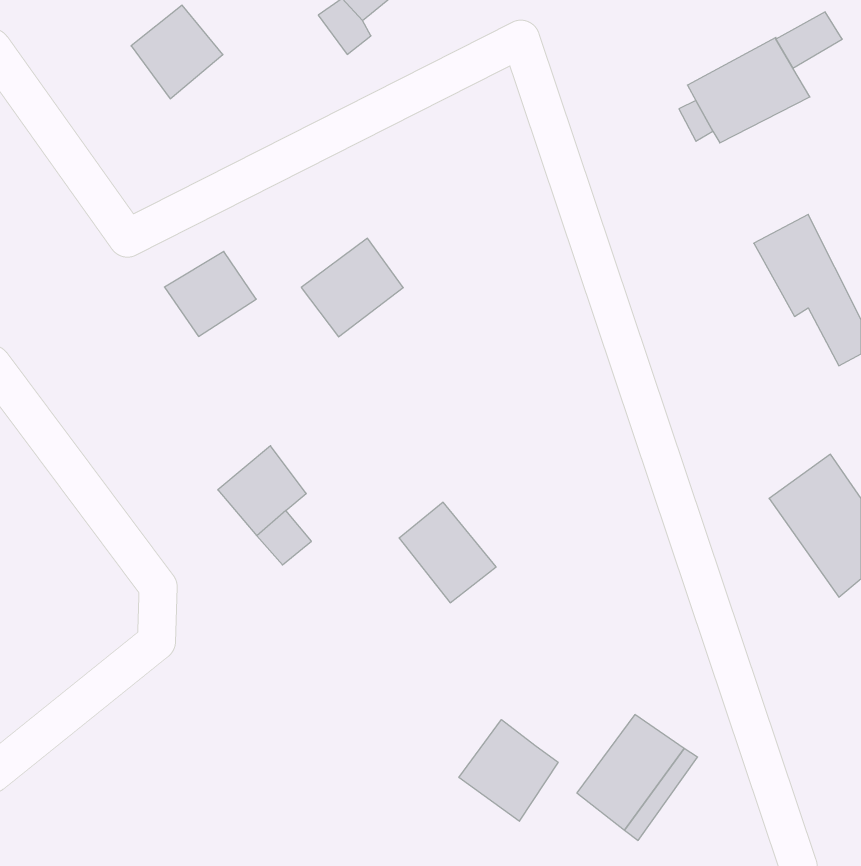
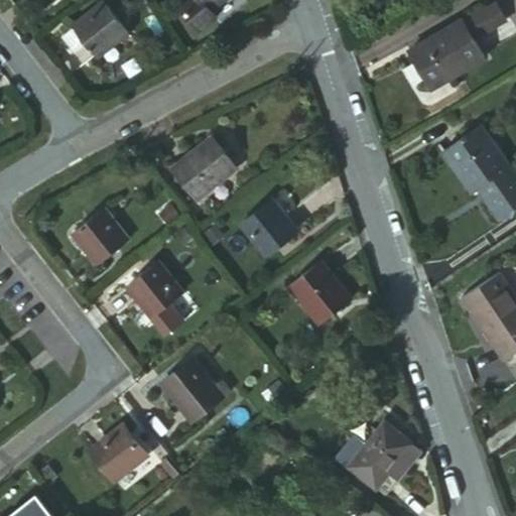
building: [164,251,256,336] -> [71,211,125,261]
building: none -> [247,205,298,259]
building: [399,502,496,603] -> [293,266,351,326]
building: none -> [163,361,222,418]
building: none -> [90,425,144,477]
building: [459,720,558,821] -> none

